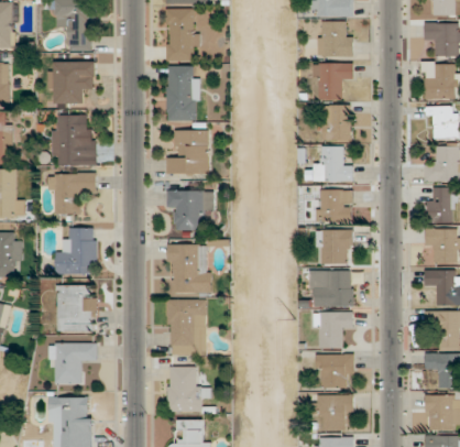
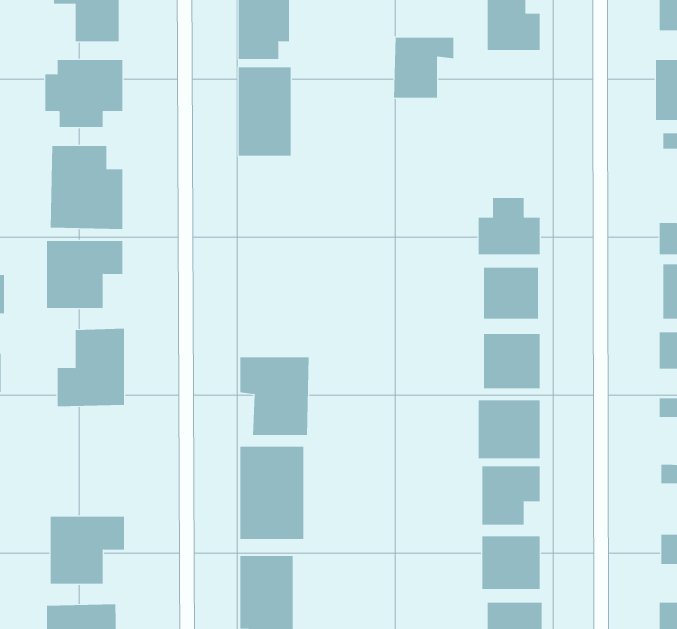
building: [315,63,352,100] -> [393,37,454,98]
building: [322,105,350,140] -> none
building: [167,130,208,174] -> none
building: [166,189,213,231] -> none
building: [56,285,96,332] -> none

